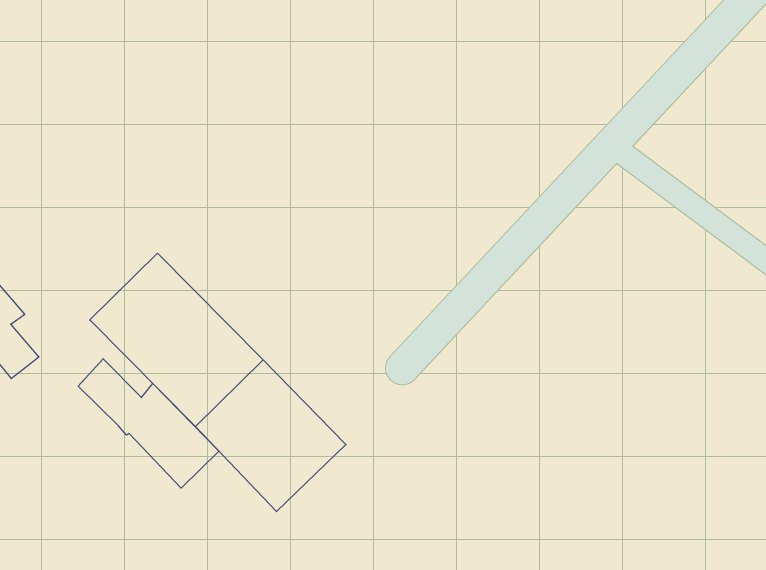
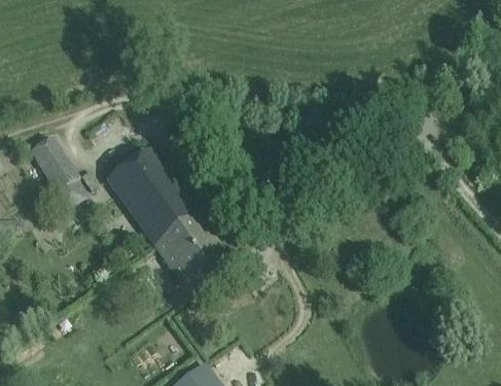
building: [78,359,219,488] -> none

